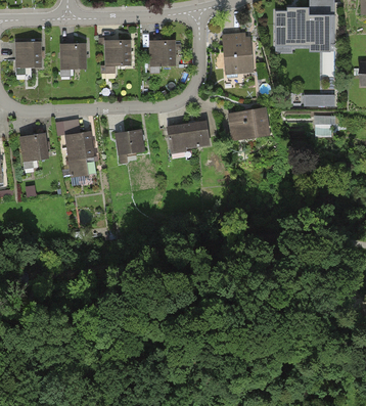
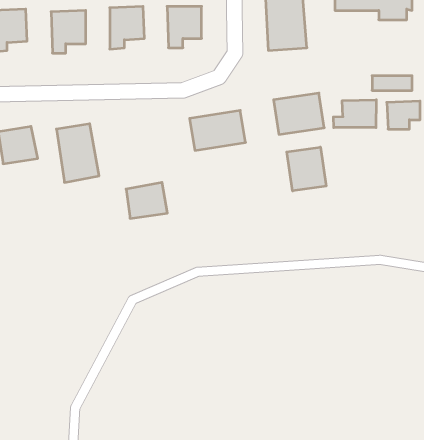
building: none -> [333,100,376,128]
building: [112,128,144,155] -> [126,182,167,218]
building: none -> [287,147,326,191]

